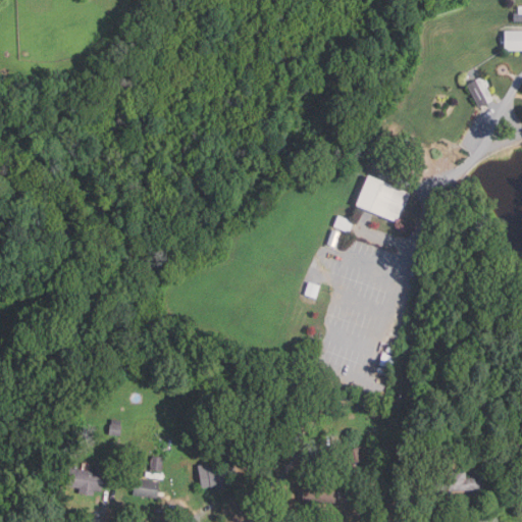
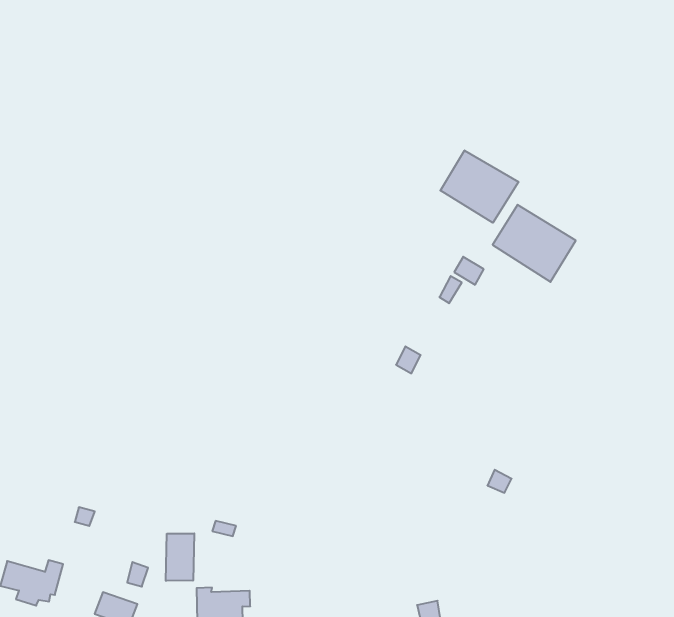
building: none -> [440,150,518,223]
building: none -> [166,533,194,581]

